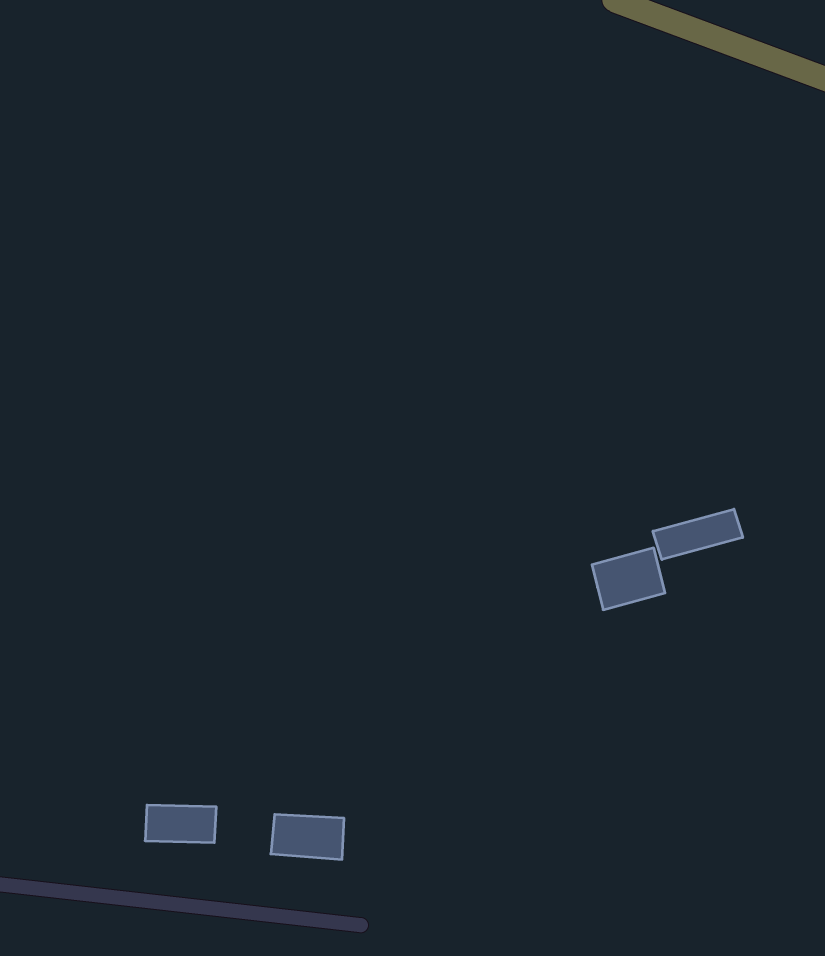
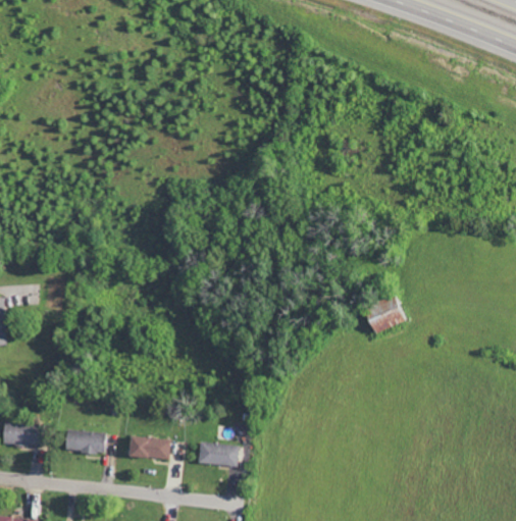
building: [653,509,743,560] -> none
building: none -> [66,430,105,453]

